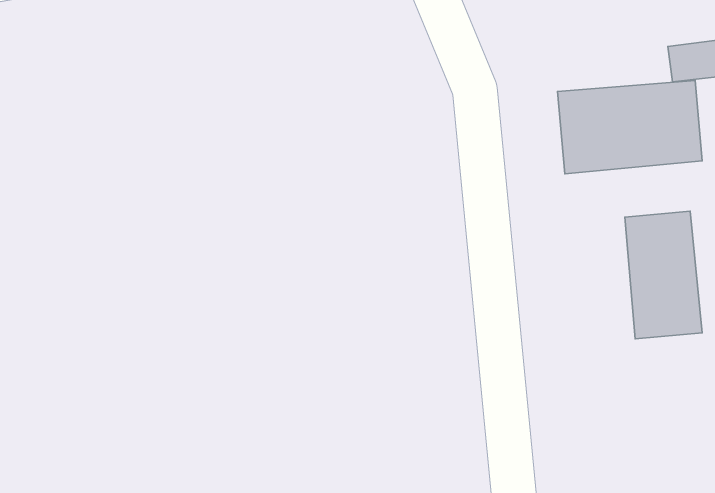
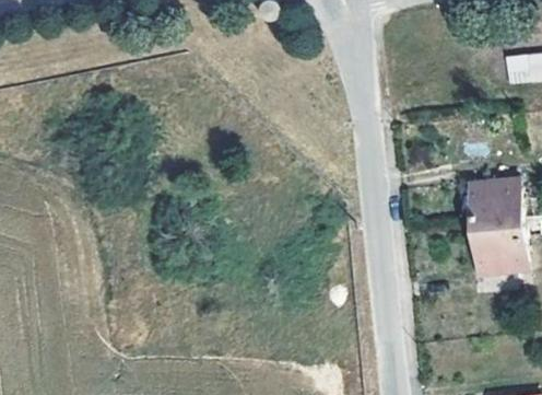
building: [557,80,702,174] -> none

